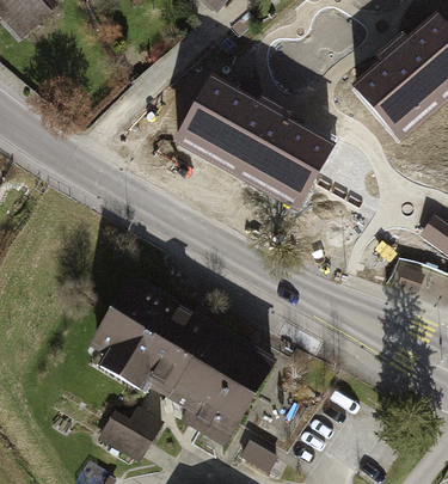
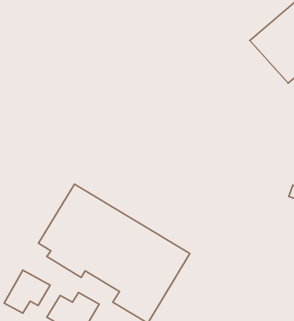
building: [173,74,335,209] -> none
building: none -> [4,270,50,313]

